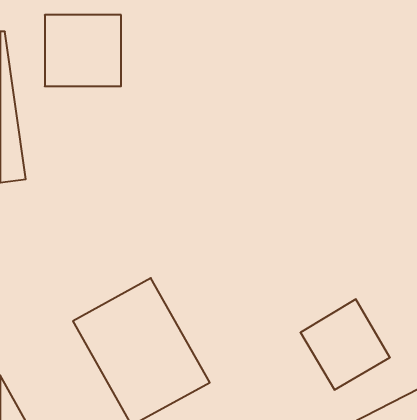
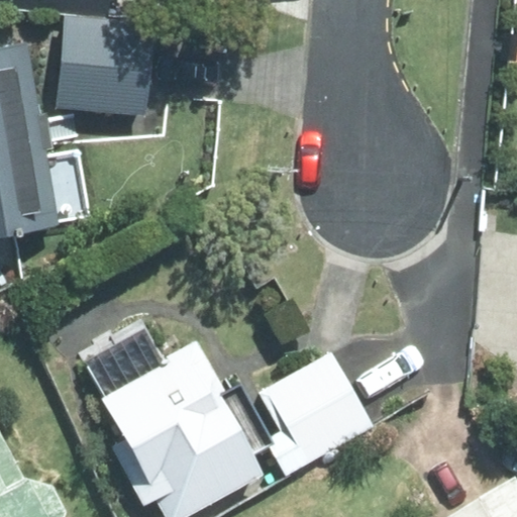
building: [300,299,390,390] -> [262,353,371,463]

